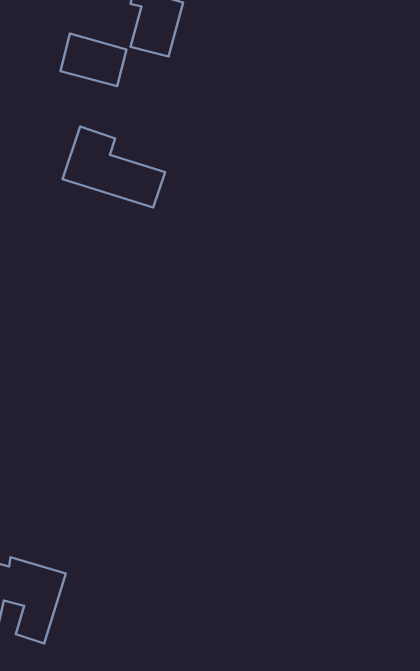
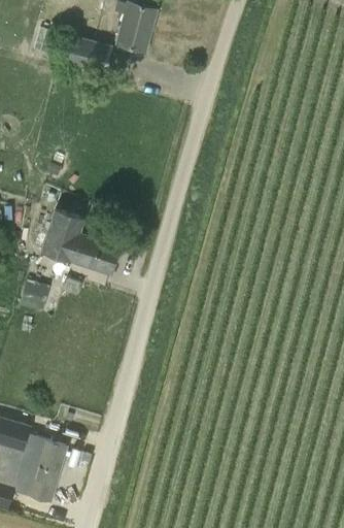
building: [63,126,165,207] -> [41,211,119,273]
building: none -> [21,279,48,309]

